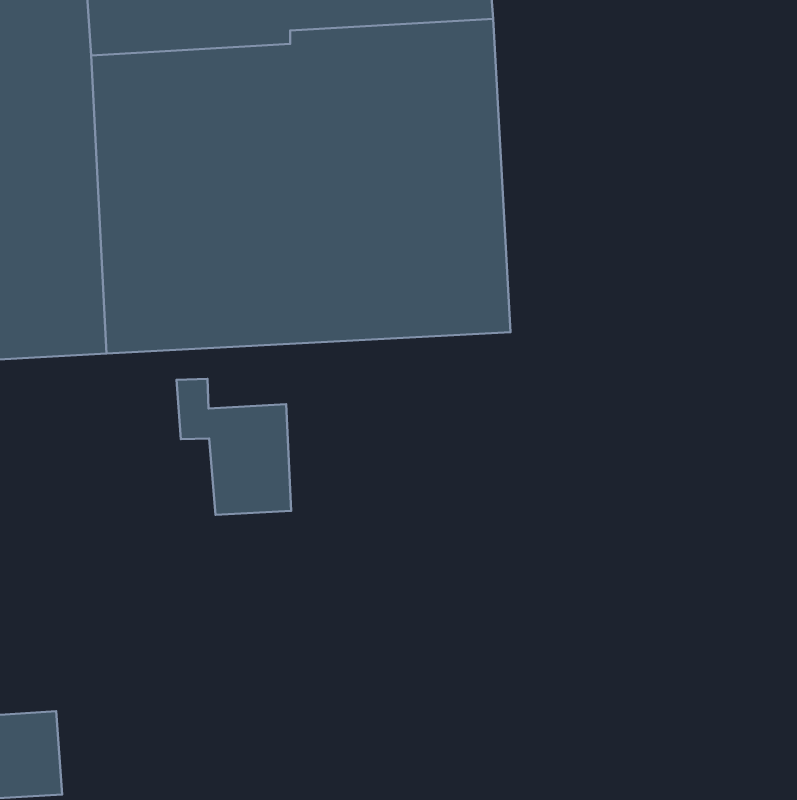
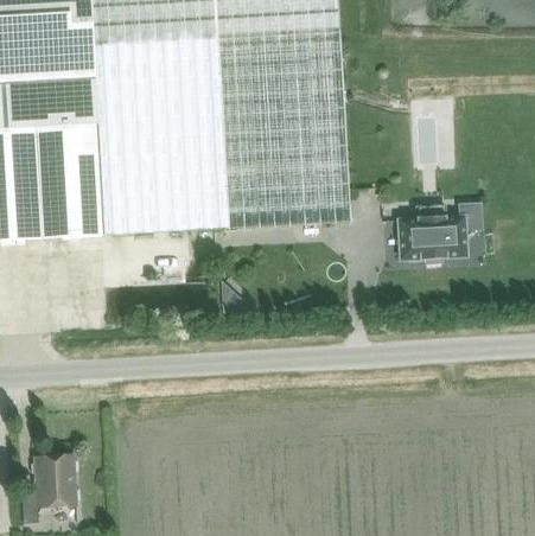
building: none -> [396,202,480,259]
building: [177,379,291,515] -> none

